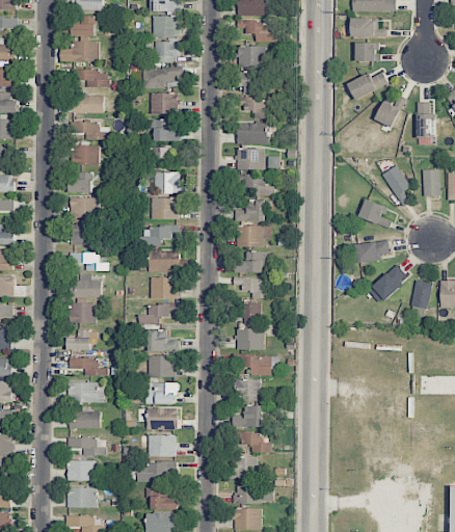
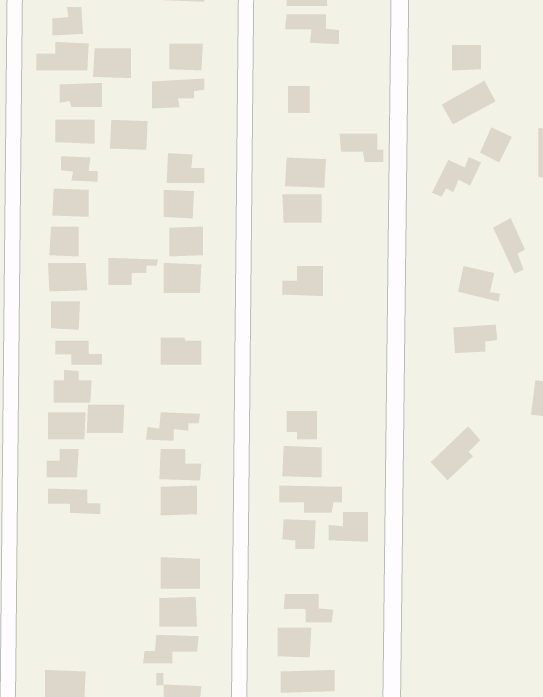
building: [152,16,180,37] -> [92,48,132,79]
building: [351,18,386,36] -> none
building: [238,46,266,66] -> none
building: [150,92,178,114] -> [109,120,149,150]
building: [237,98,269,118] -> [339,133,384,162]
building: none -> [431,156,482,198]
building: [237,175,274,194] -> none
building: [237,225,271,247] -> none
building: [143,227,180,246] -> [108,258,159,285]
building: [235,251,270,271] -> none
building: [369,264,405,303] -> [430,425,481,481]
building: [150,277,178,298] -> [86,404,125,433]
building: [233,277,270,298] -> none
building: [68,382,103,402] -> none
building: [145,382,177,405] -> none
building: [233,405,262,427] -> [328,511,369,542]
building: [70,410,100,428] -> none
building: [66,437,106,455] -> none
building: [66,460,95,481] -> none

